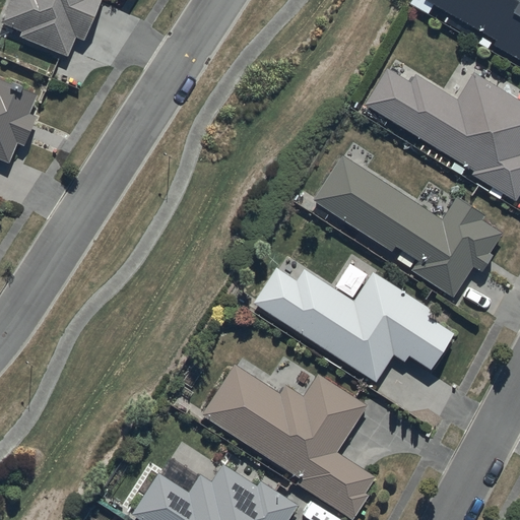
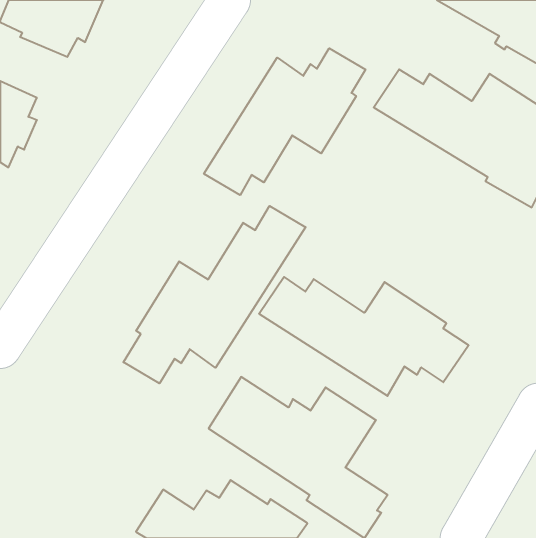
building: none -> [204,48,365,195]
building: [314,155,502,297] -> none
building: none -> [123,206,306,383]

